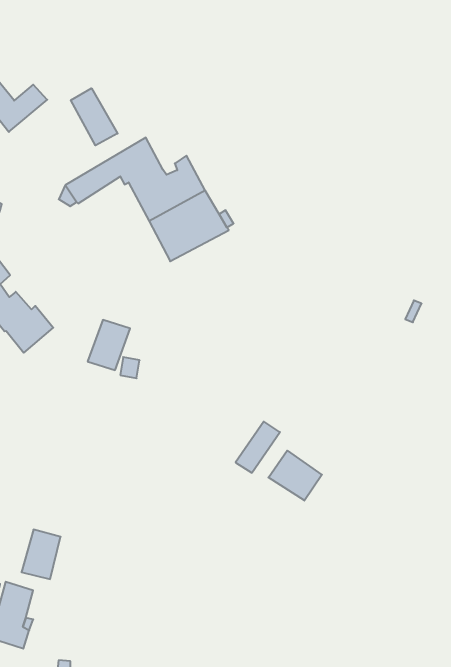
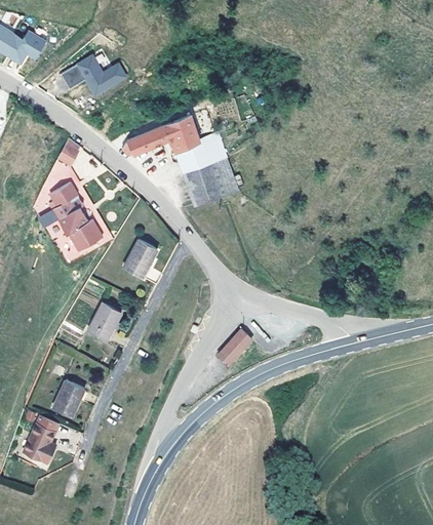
building: [71,88,118,145] -> none
building: none -> [88,302,121,339]
building: [268,451,322,501] -> none

